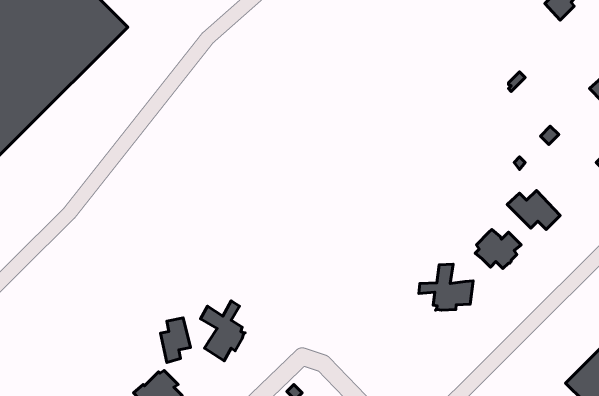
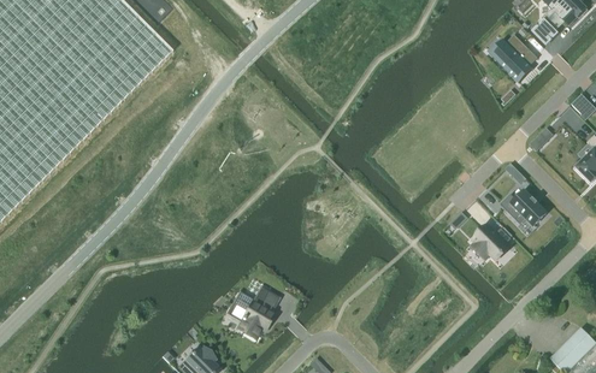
building: none -> [489,34,537,82]
building: [419,264,473,310] -> none
building: [161,318,190,362] -> none

